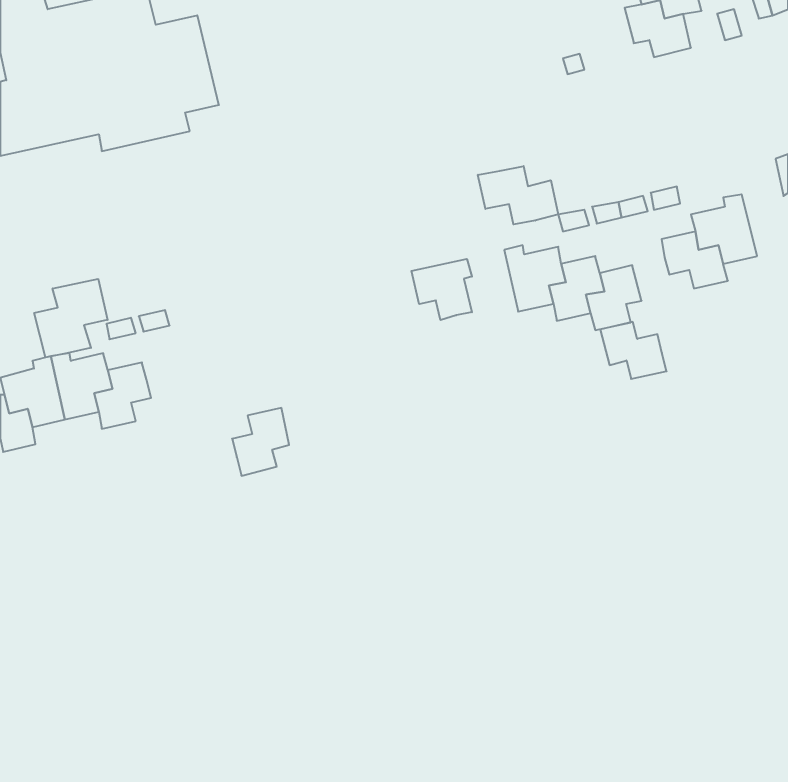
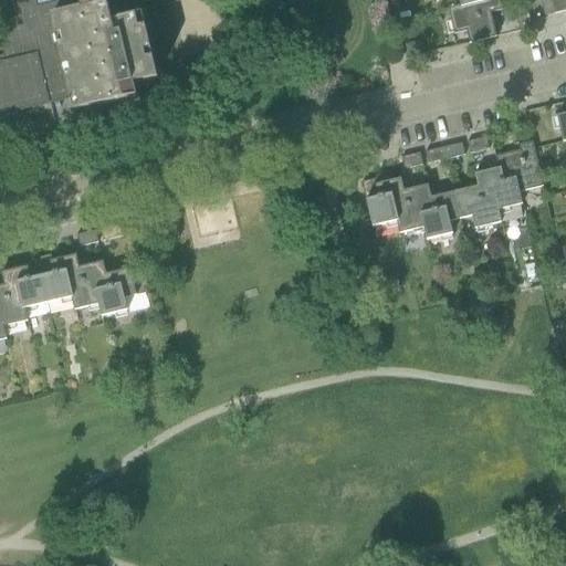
building: [478,166,558,224] -> none
building: [411,259,472,320] -> none
building: [34,279,108,357] -> none
building: [600,322,667,379] -> [453,185,501,226]
building: [232,408,289,476] -> [94,266,135,315]

